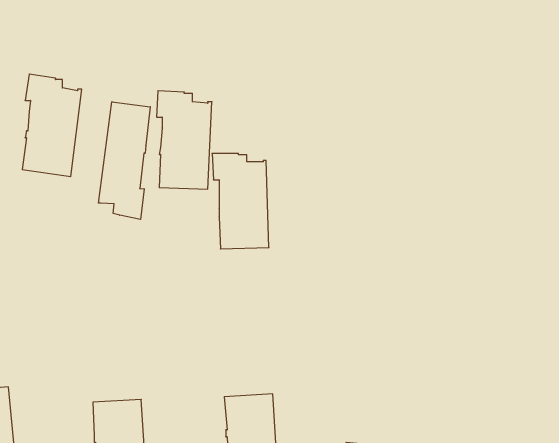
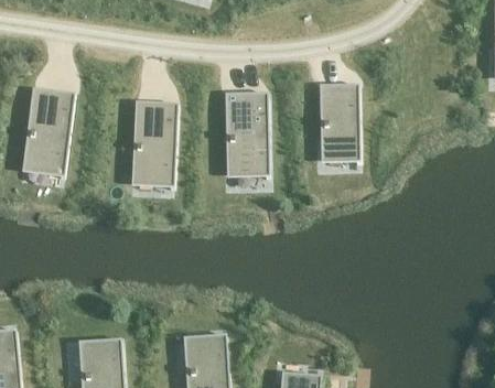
building: none -> [316,86,357,157]
building: [99,102,150,219] -> none
building: [212,153,269,249] -> [222,95,267,171]

